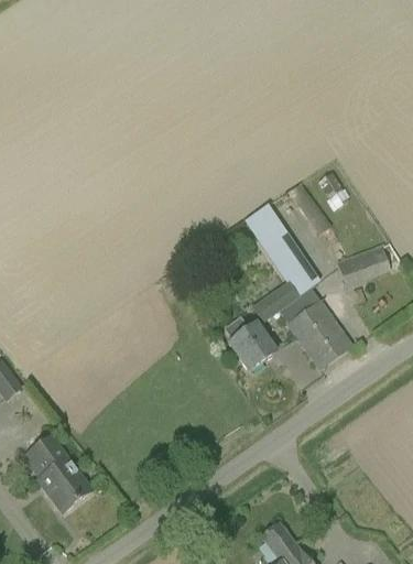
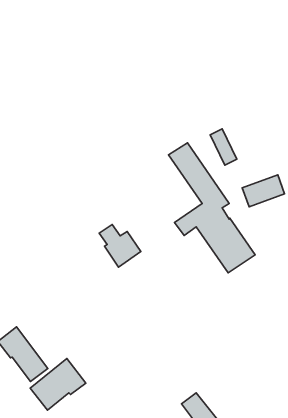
building: [224,317,276,371] -> [99,225,141,267]
building: none -> [30,359,86,410]

